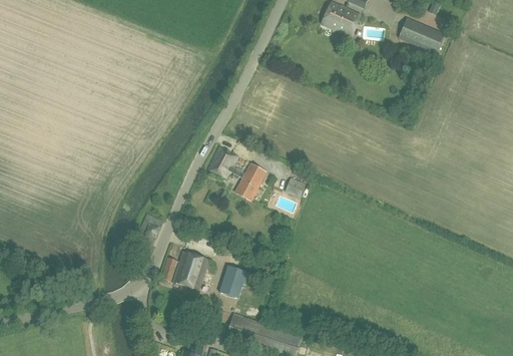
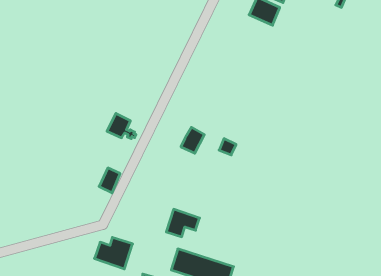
building: [399,18,445,53] -> none
building: [208,146,244,177] -> [107,113,136,139]
building: [161,251,208,290] -> [94,237,133,269]

